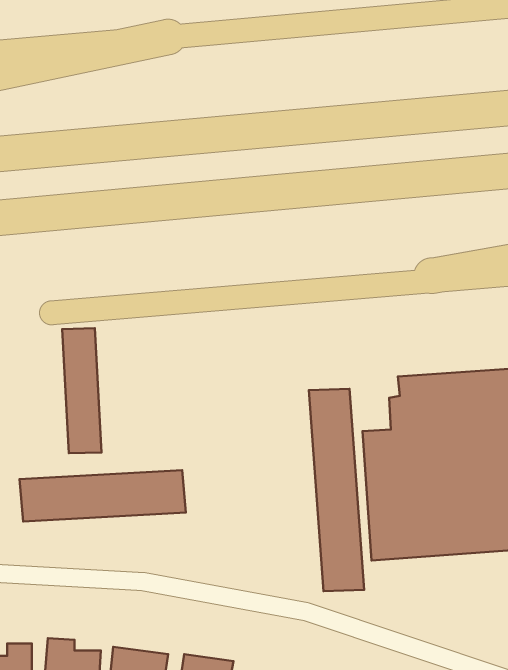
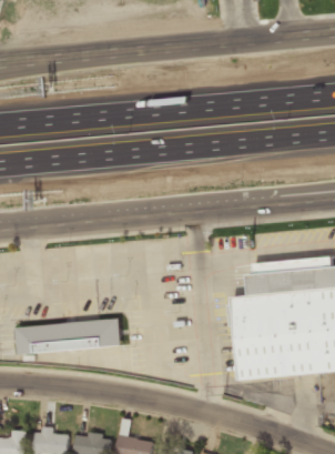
building: [62,328,101,453] -> none
building: [309,389,364,591] -> none

